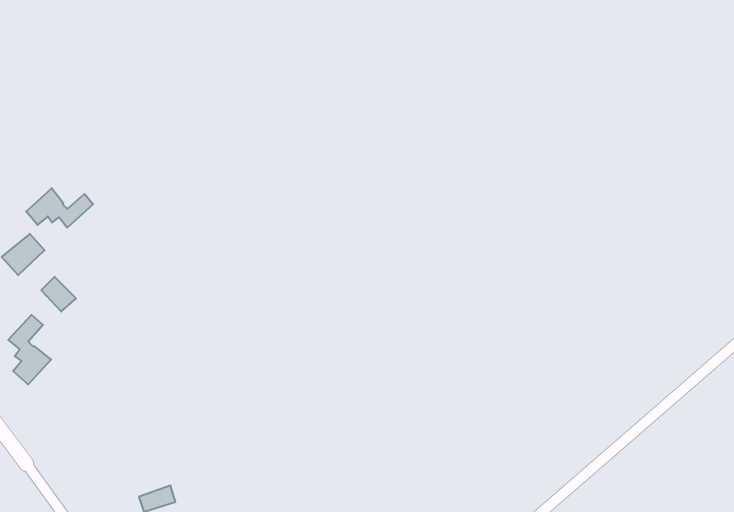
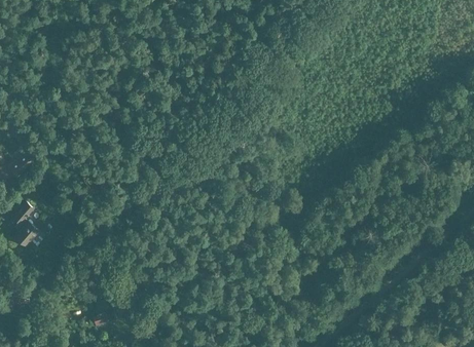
building: [26,188,93,228] -> none

